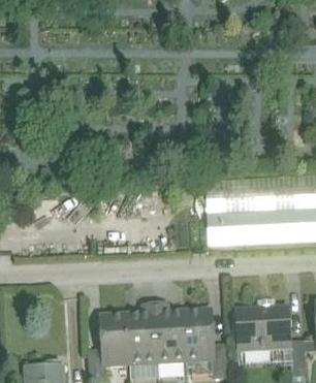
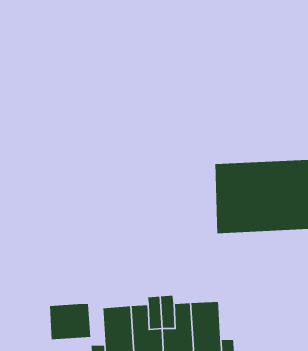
building: [234,306,289,350] -> none
building: none -> [49,303,91,340]

